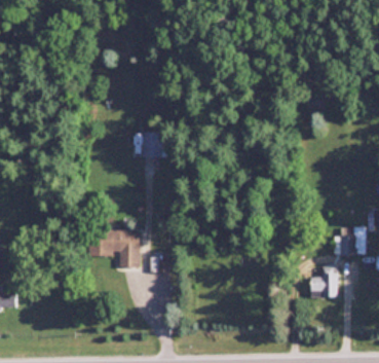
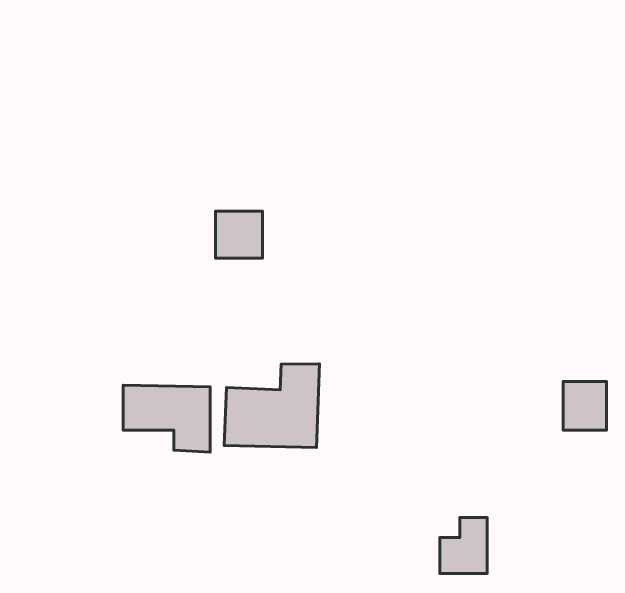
building: none -> [224,364,320,448]
building: [309,267,336,299] -> [440,517,487,574]

